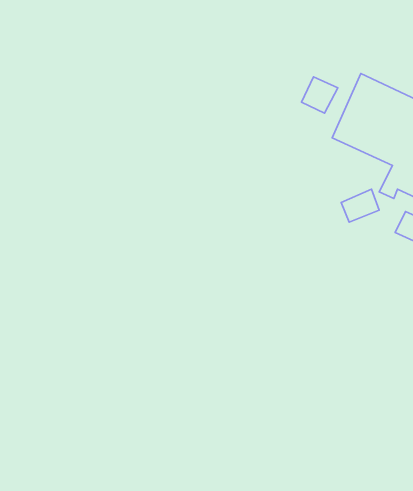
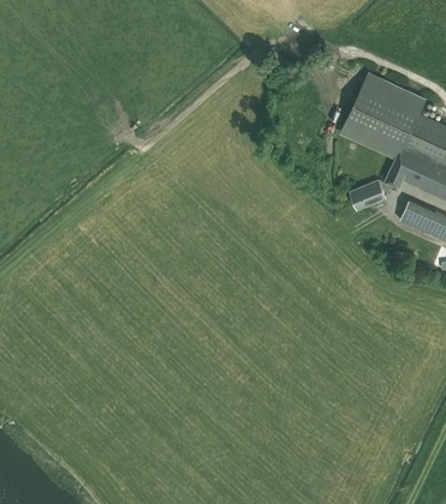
building: [302,77,338,113] -> none

